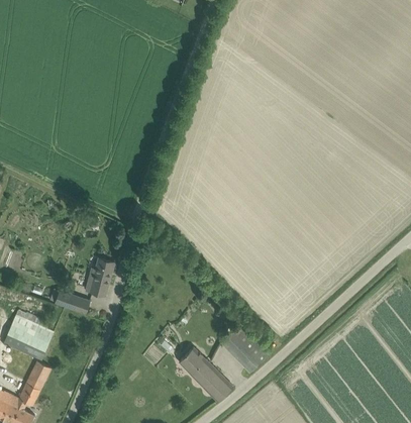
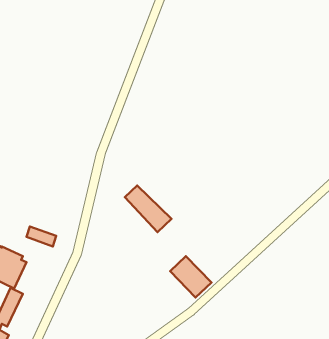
building: [86,258,113,297] -> none
building: [179,348,232,402] -> [125,186,171,232]

